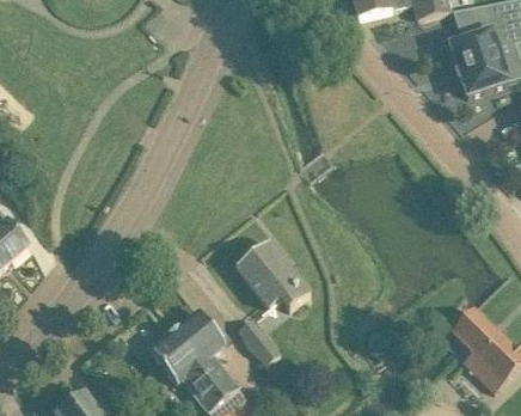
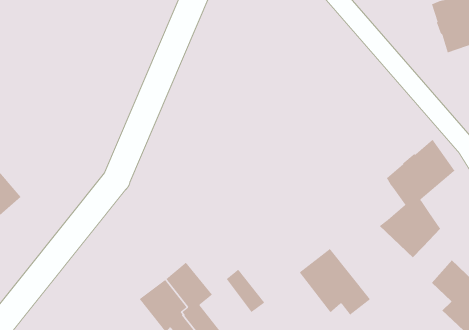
building: none -> [379,139,455,258]
building: [235,239,309,308] -> [299,248,371,316]

